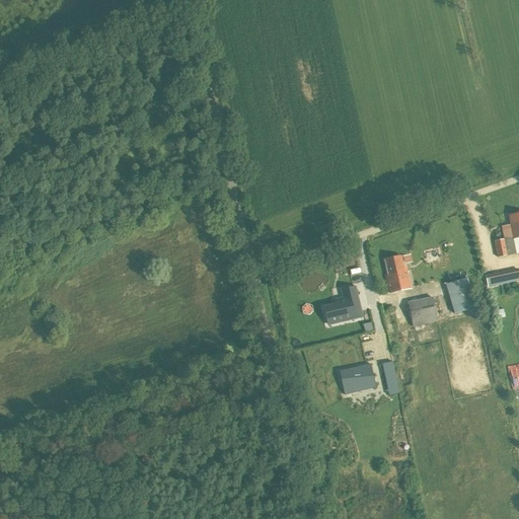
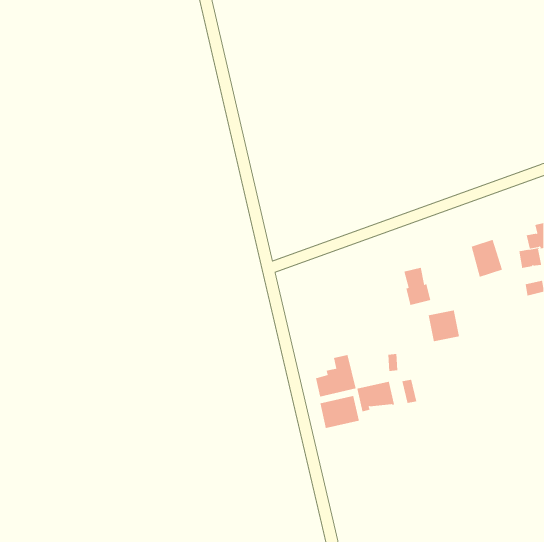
building: [446,276,476,312] -> [471,239,503,277]
building: [321,286,361,326] -> [315,355,357,397]
building: none -> [320,395,359,429]

